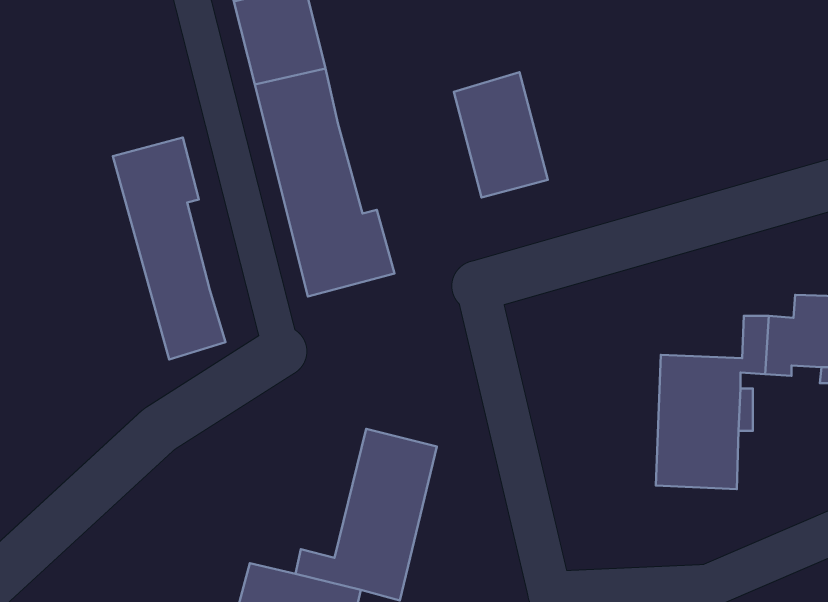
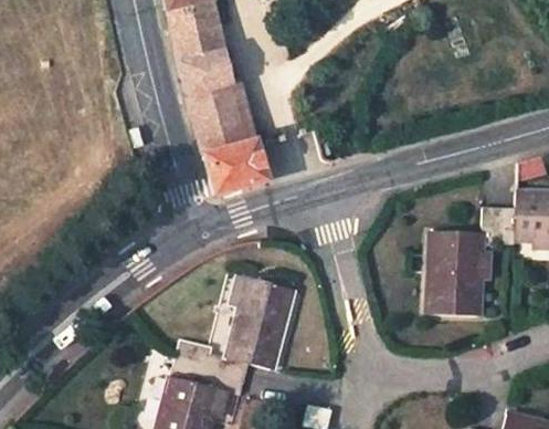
building: [454,72,548,197] -> none
building: [113,138,225,360] -> none

